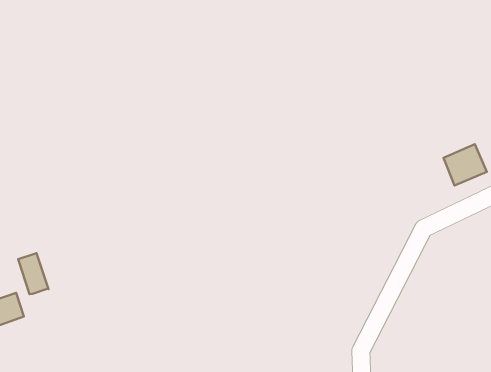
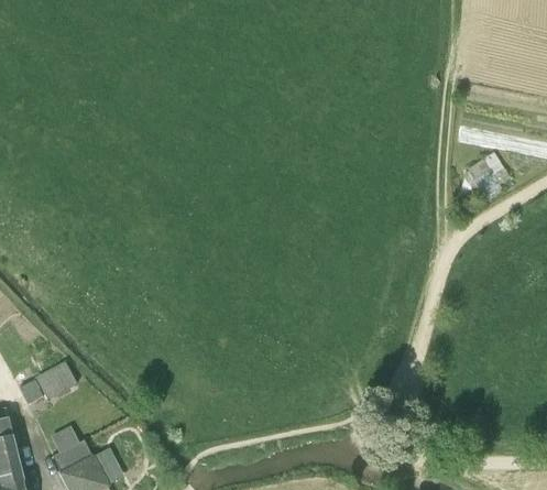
building: [18,253,49,294] -> none

